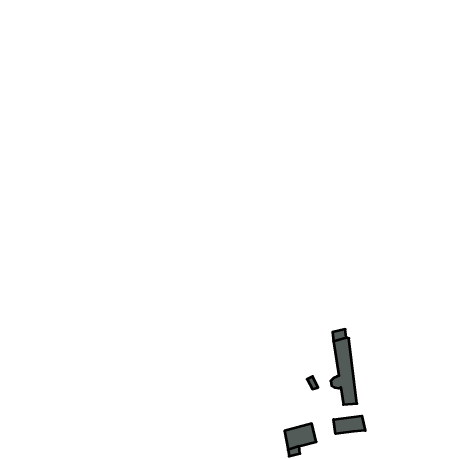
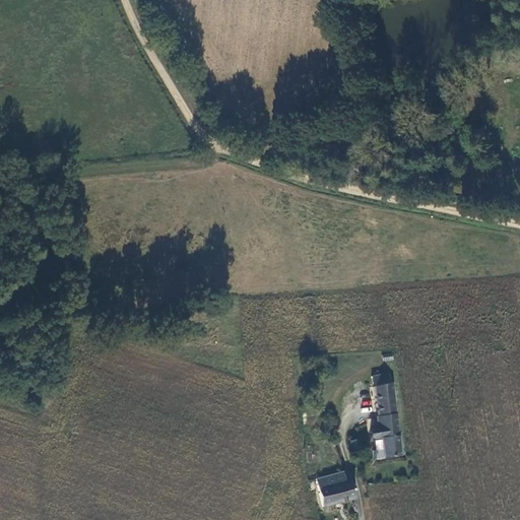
building: [334,416,365,434] -> none

